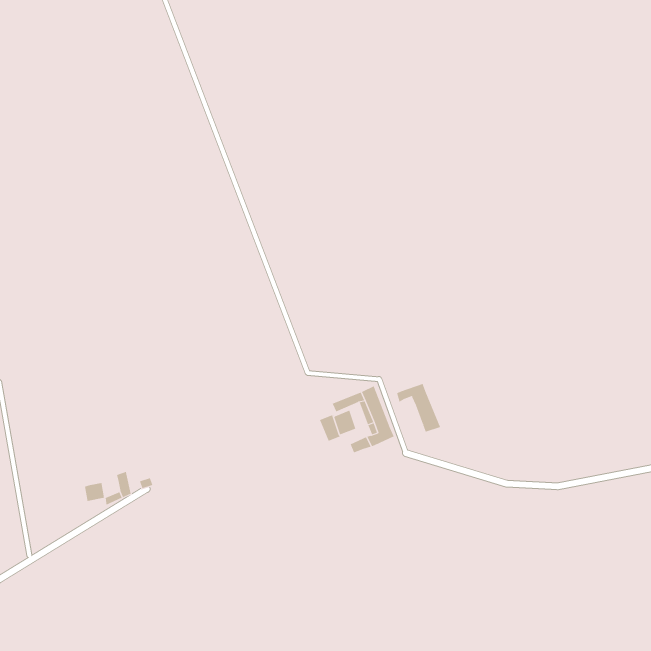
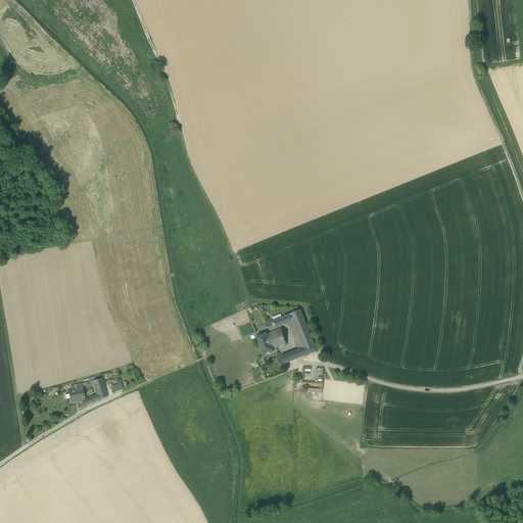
building: [397,383,441,432] -> none

